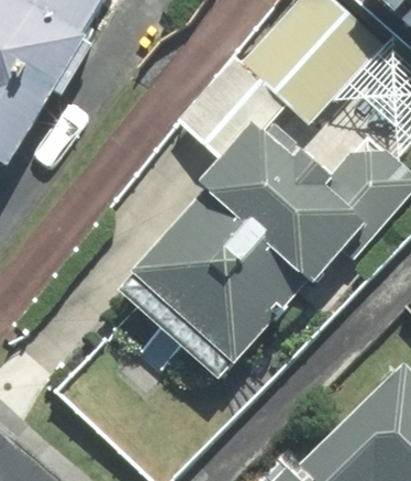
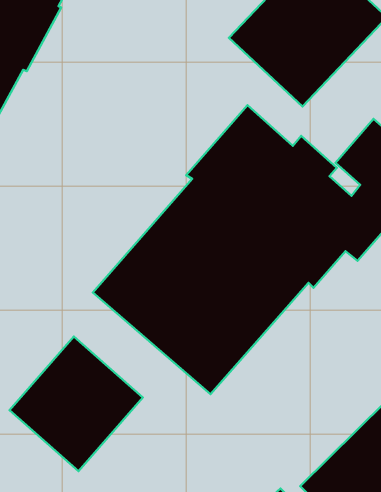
building: none -> [9,337,143,471]

